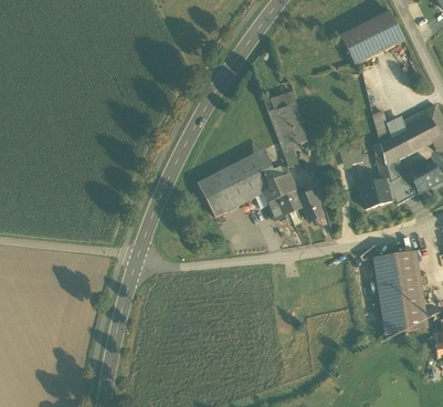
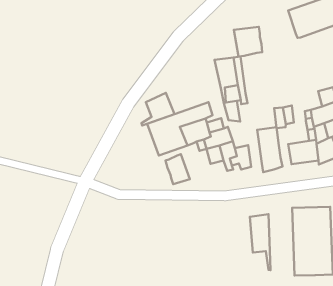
building: none -> [234,27,262,57]
building: none -> [142,93,174,126]
building: none -> [257,127,283,172]
building: none -> [165,154,190,184]
building: none -> [250,214,271,270]

